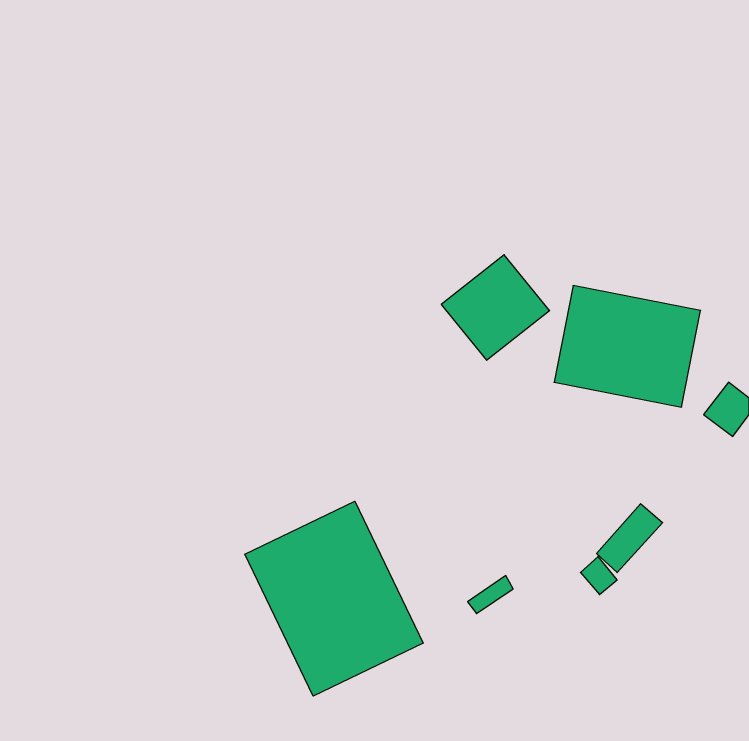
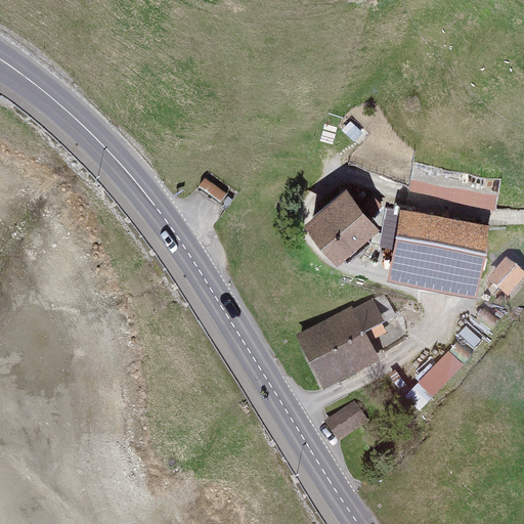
building: none -> [298,306,391,394]
building: [245,501,423,696] -> none

